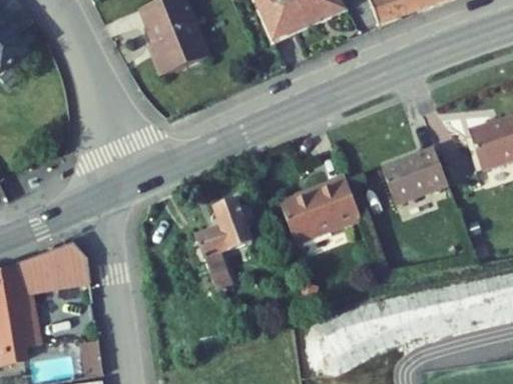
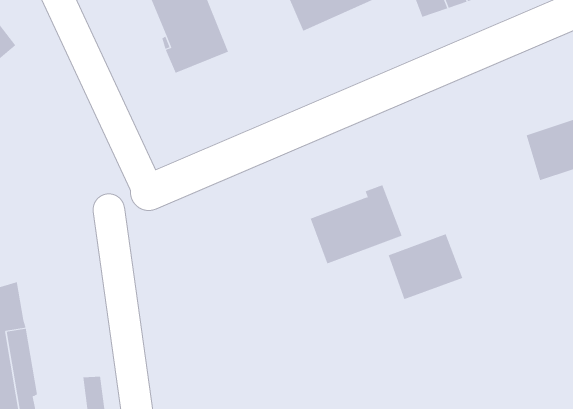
building: [383,146,449,205] -> [388,233,463,300]
building: [196,198,254,289] -> none
building: [24,241,89,292] -> none

